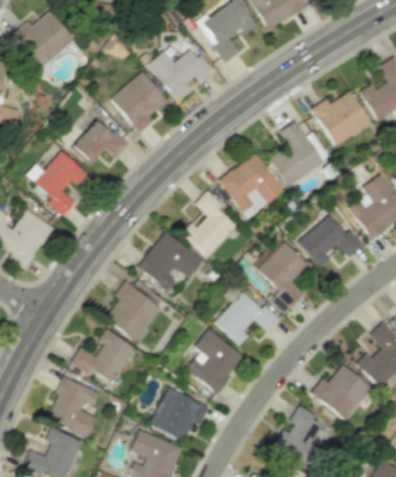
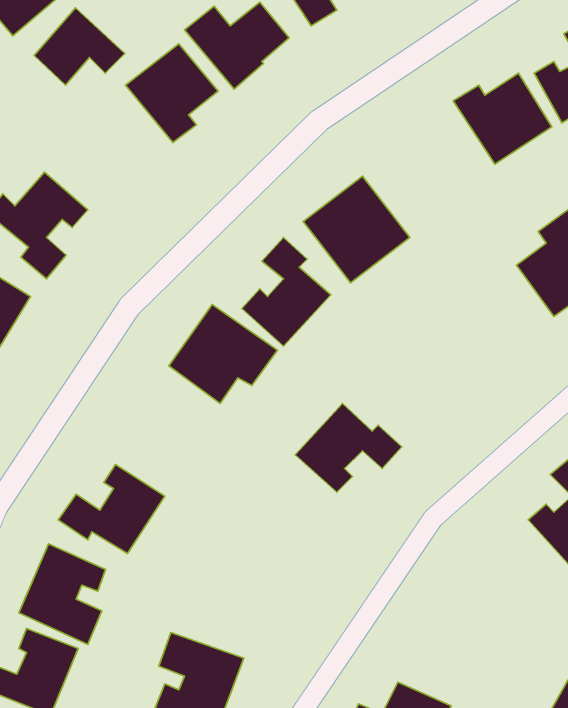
building: [73,118,128,165] -> [34,8,125,85]
building: [270,120,324,185] -> none
building: [298,214,364,264] -> none
building: [257,240,308,314] -> none
building: [104,280,161,341] -> none
building: [187,328,245,393] -> none
building: [312,364,373,421] -> none
building: [151,387,210,441] -> none
building: [274,406,328,463] -> none

